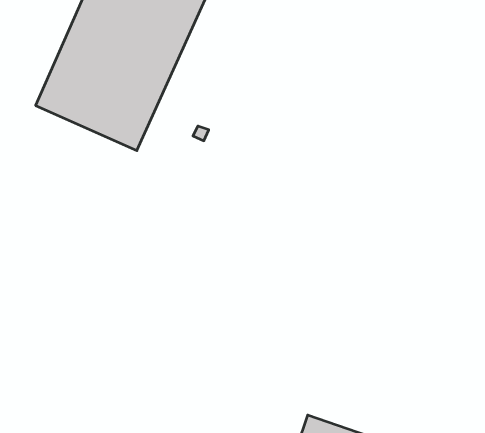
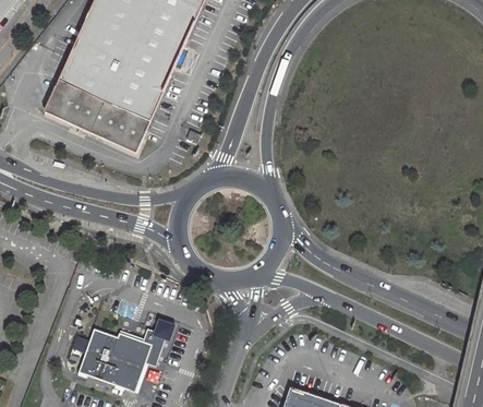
building: none -> [71,319,174,393]

